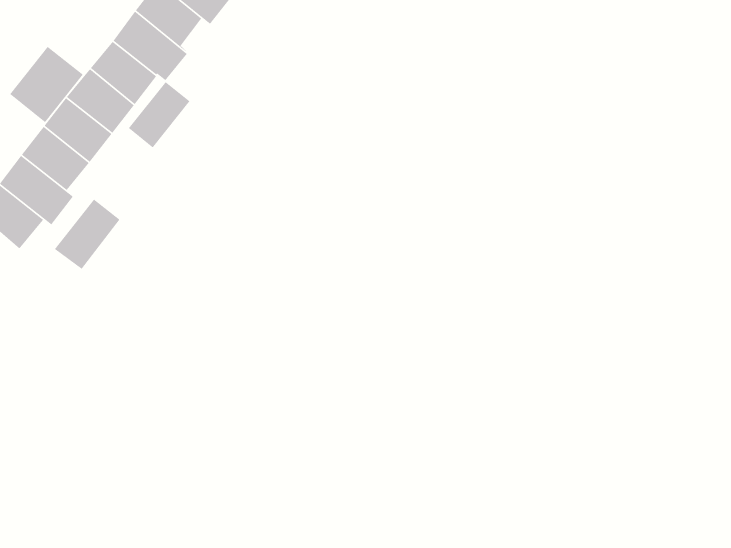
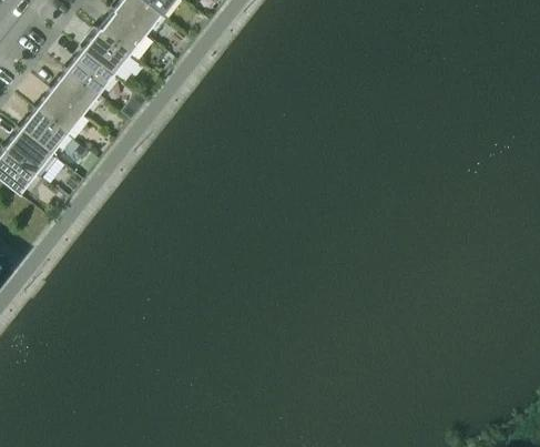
building: [9,46,84,123] -> none
building: [128,81,190,148] -> none
building: [54,198,120,270] -> none

